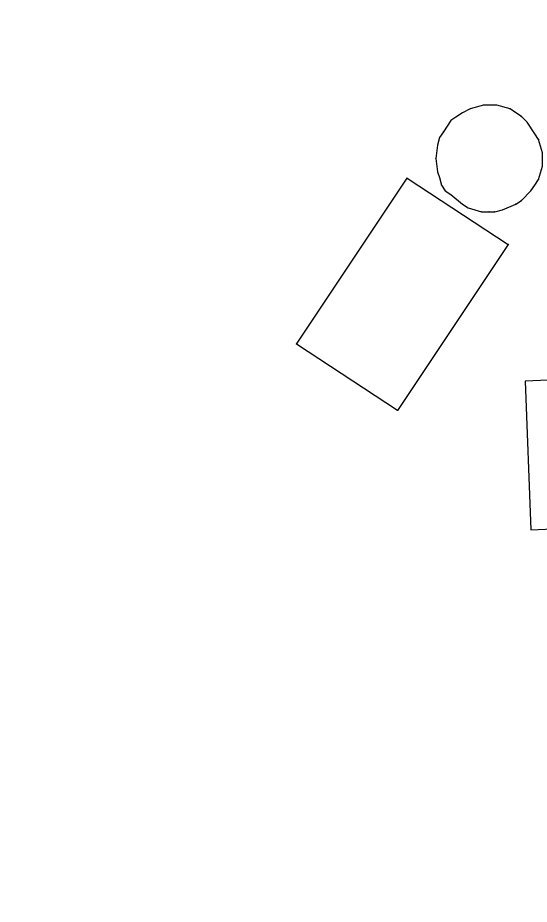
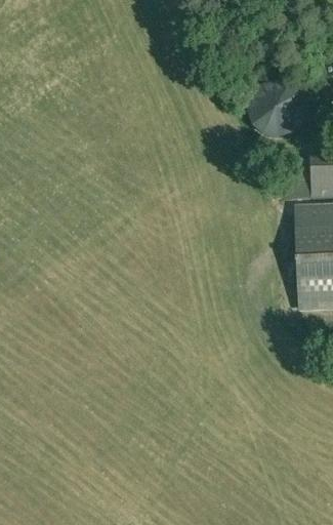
building: [296,178,508,410] -> none

